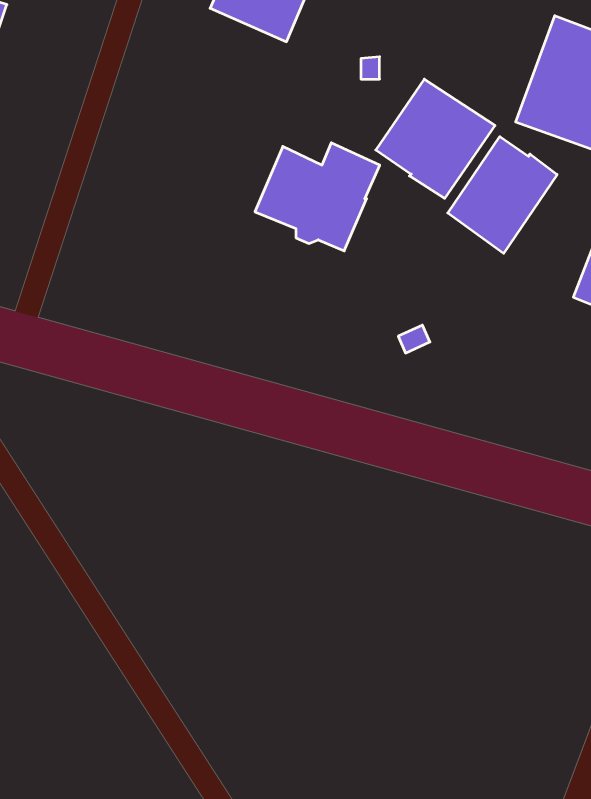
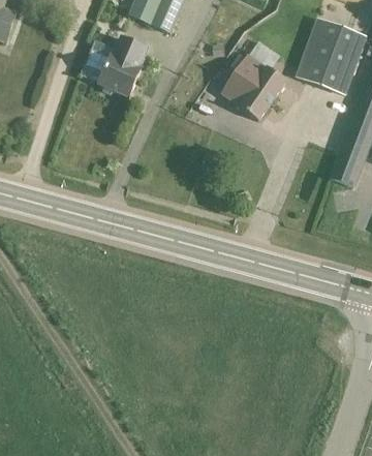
building: [448,137,557,253] -> none
building: [255,143,380,251] -> [79,36,148,96]

